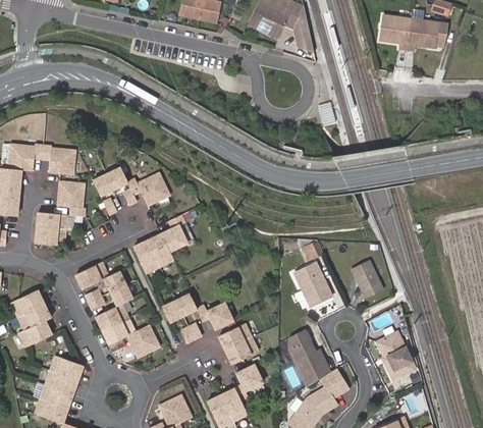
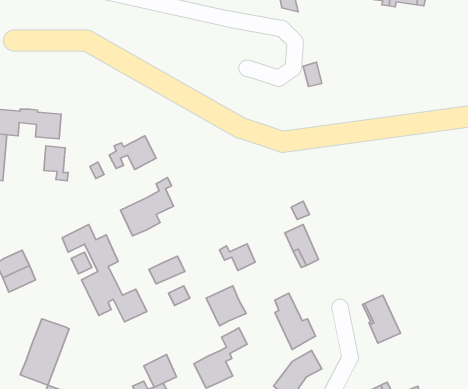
building: [101,168,128,194] -> none
building: [36,214,67,248] -> none
building: [351,260,382,298] -> none
building: [199,303,234,329] -> [219,244,255,270]
building: [19,319,53,345] -> none
building: [320,370,346,398] -> none

